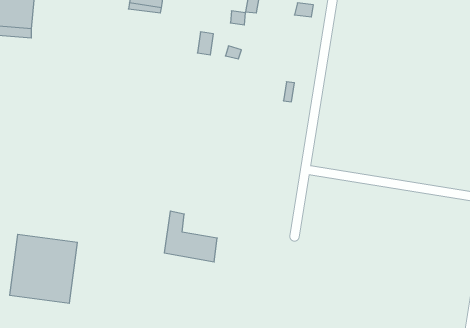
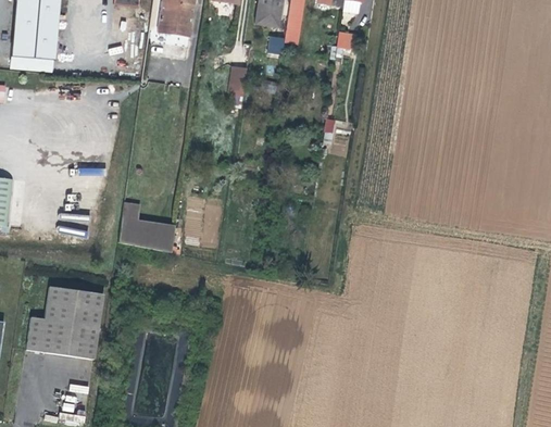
building: [164,211,217,262] -> [120,196,177,251]

